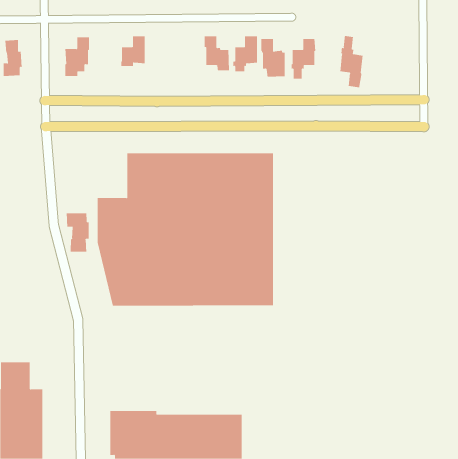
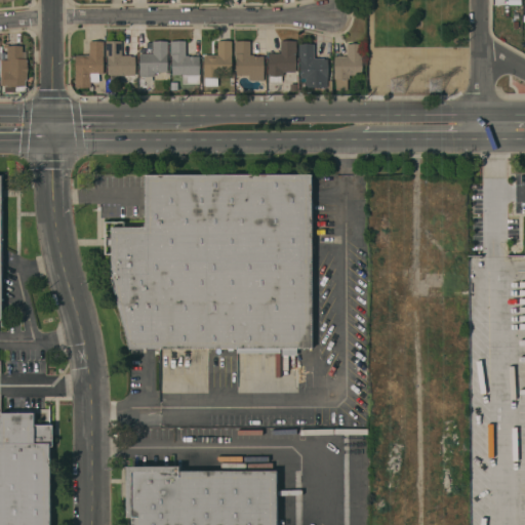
building: [340,35,363,88] -> none
building: none -> [105,41,133,81]
building: none -> [168,41,198,84]
building: none -> [202,41,231,86]
building: [66,213,89,253] -> none

